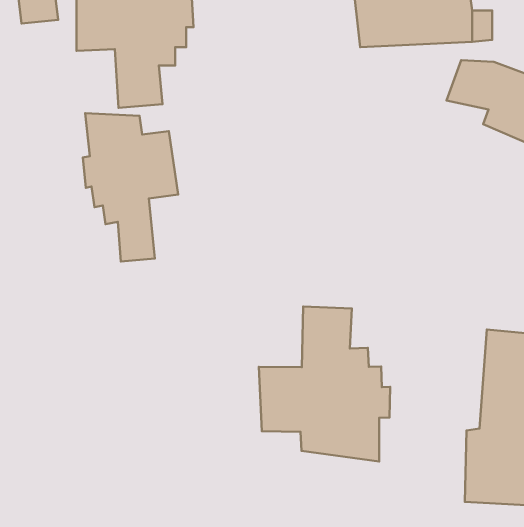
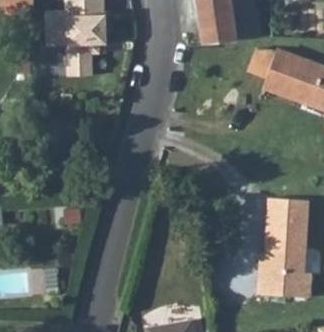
building: [83,113,178,261] -> none
building: [259,306,390,461] -> none

